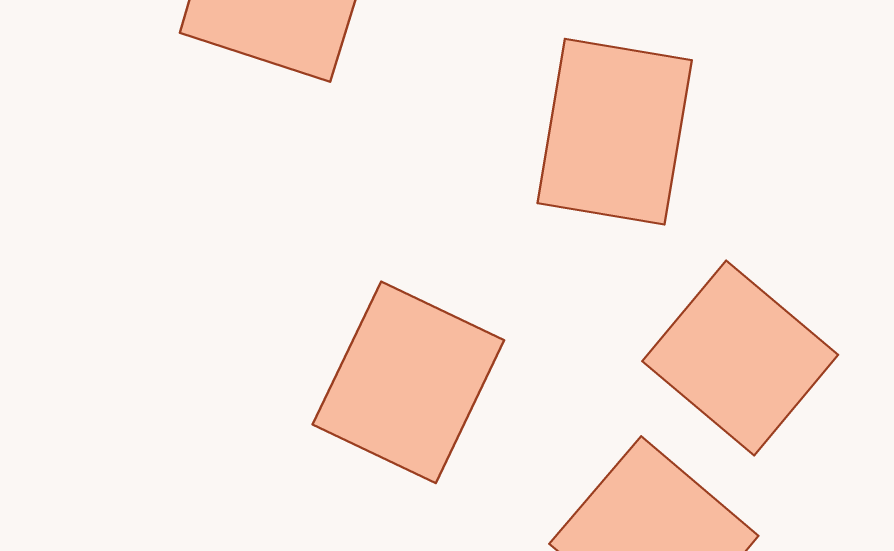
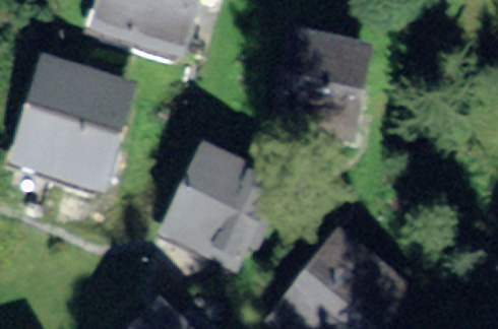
building: none -> [13,63,126,182]
building: [642,261,838,455] -> none

